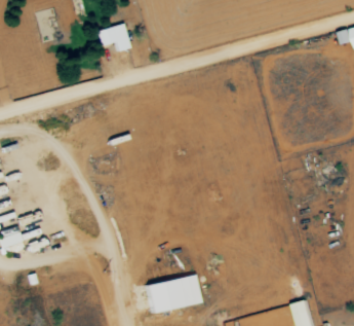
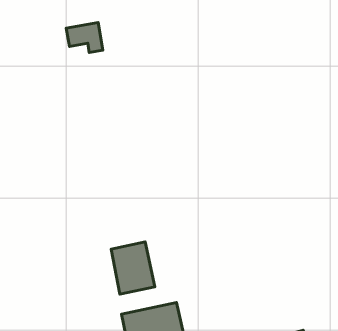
building: none -> [111,242,155,294]

